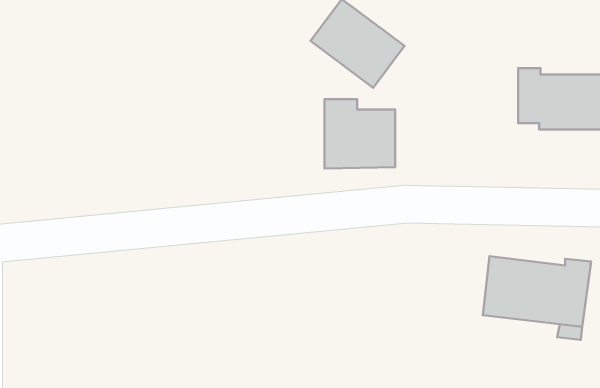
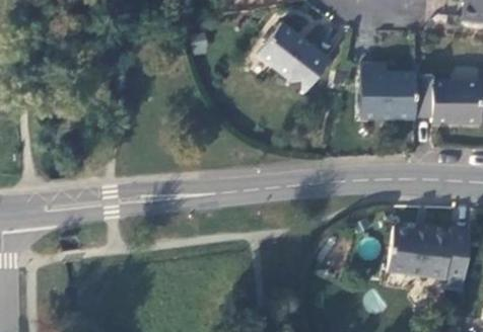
building: [325,99,395,168] -> [362,67,417,120]

